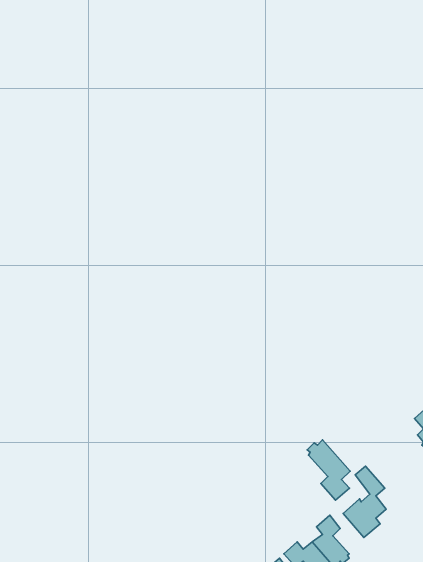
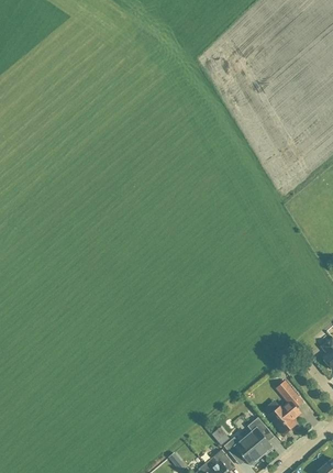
building: [307,440,350,500] -> none

